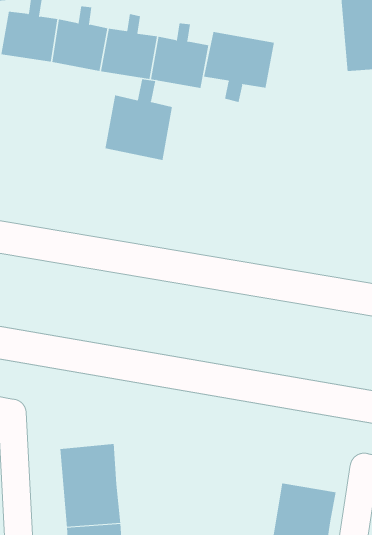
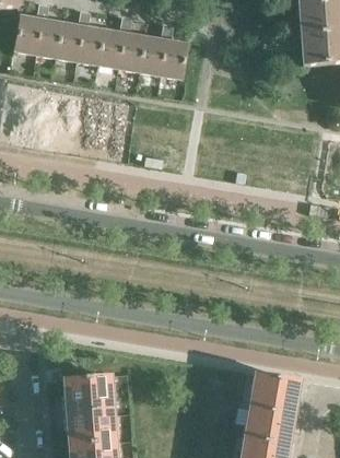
building: [203,31,274,103] -> none
building: [105,78,173,161] -> none
building: none -> [248,373,300,414]

